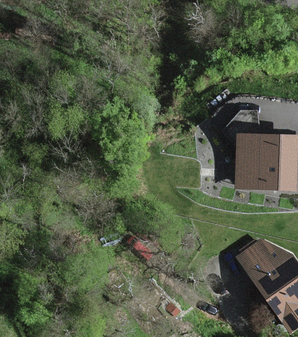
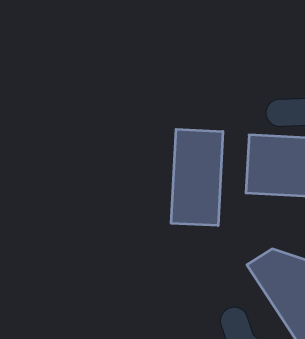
building: none -> [171,129,223,226]

